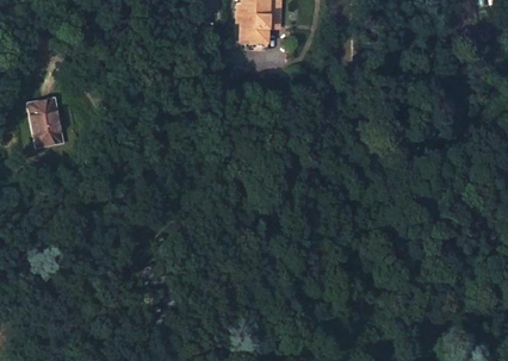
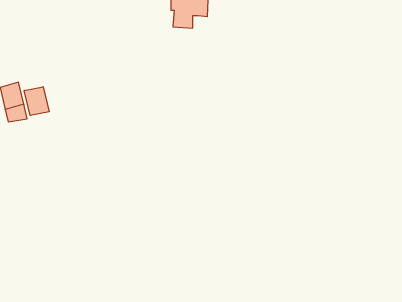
building: none -> [24,87,49,115]

